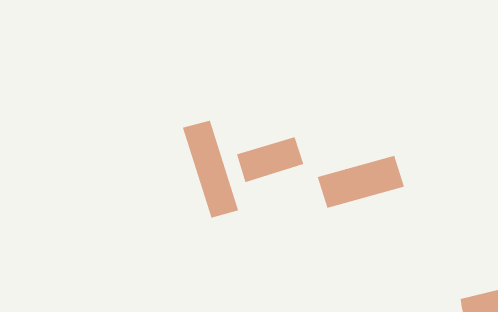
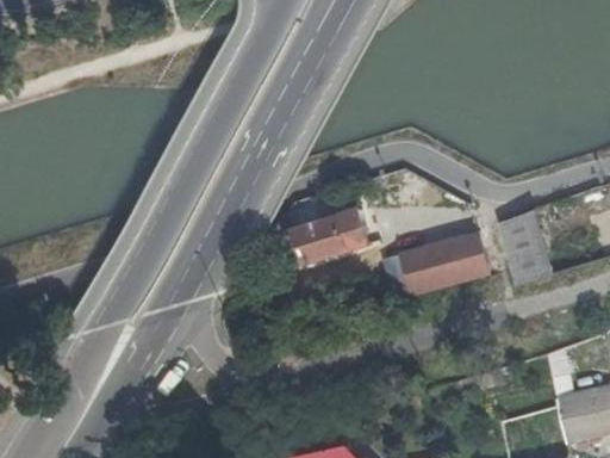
building: [182,120,239,218] -> none
building: none -> [505,208,559,278]

